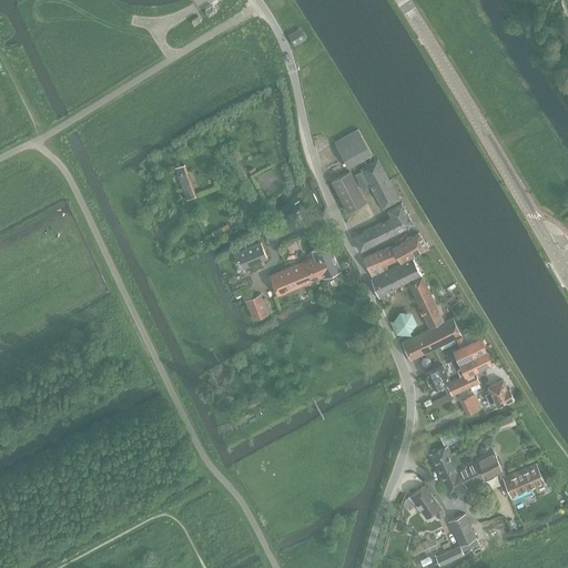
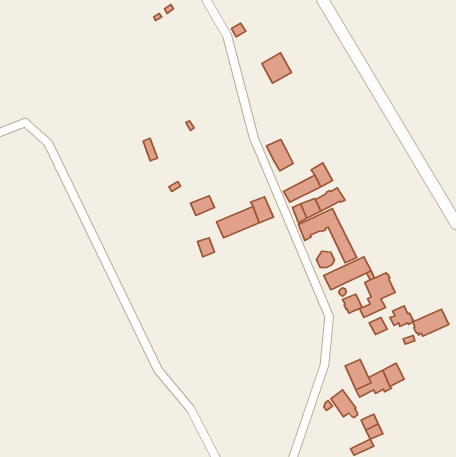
building: [334,130,371,168] -> [262,53,291,83]
building: [354,160,399,209] -> none
building: [499,464,544,497] -> [413,309,449,336]

